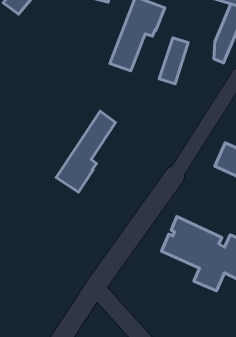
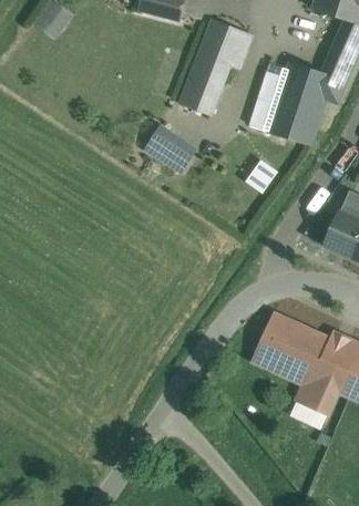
building: none -> [270,63,325,143]
building: none -> [146,126,194,171]
building: [56,111,115,192] -> none

